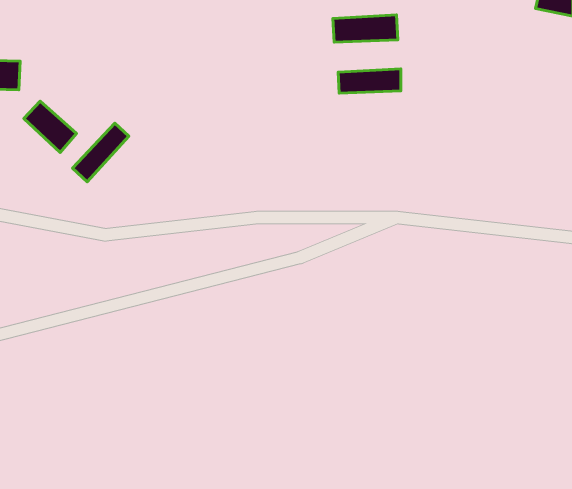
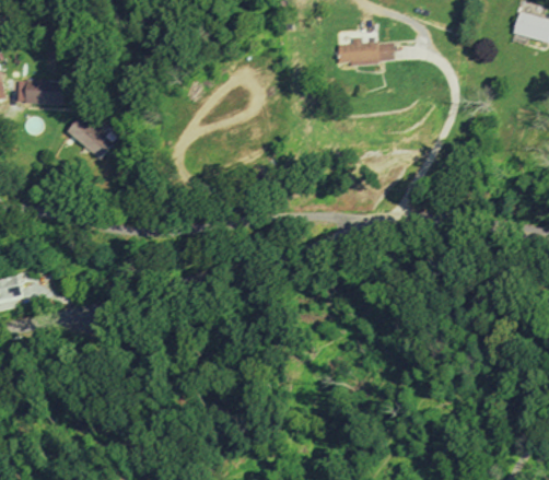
building: [338,69,401,93] -> none
building: [72,123,129,182] -> none

